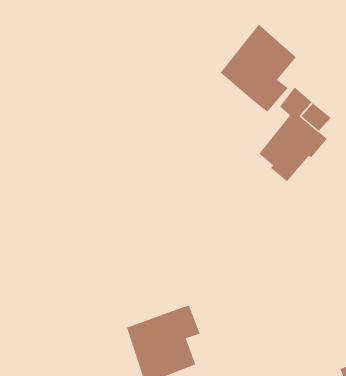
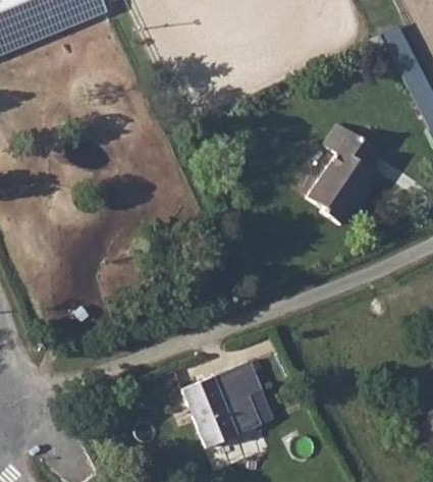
building: [220,24,297,112] -> none

